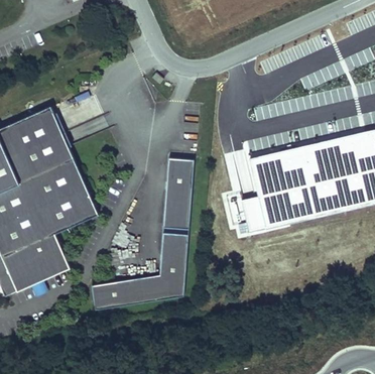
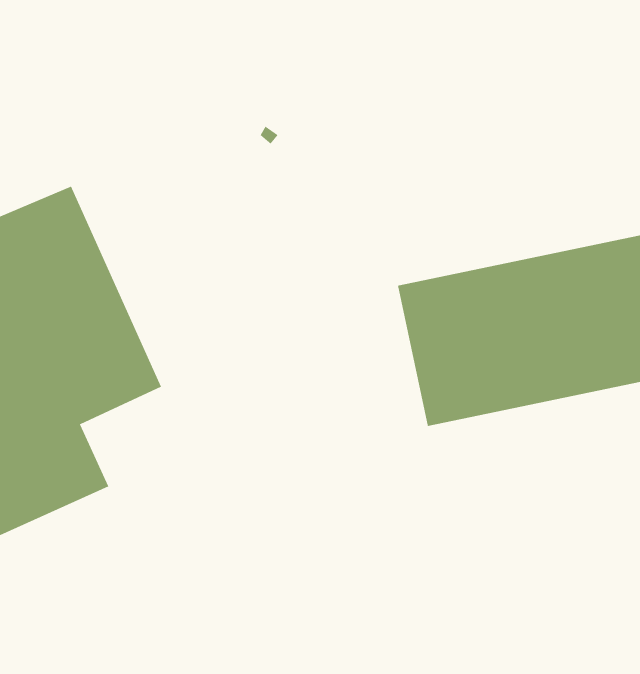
building: [162,156,193,228] -> none
building: [92,232,188,309] -> none

